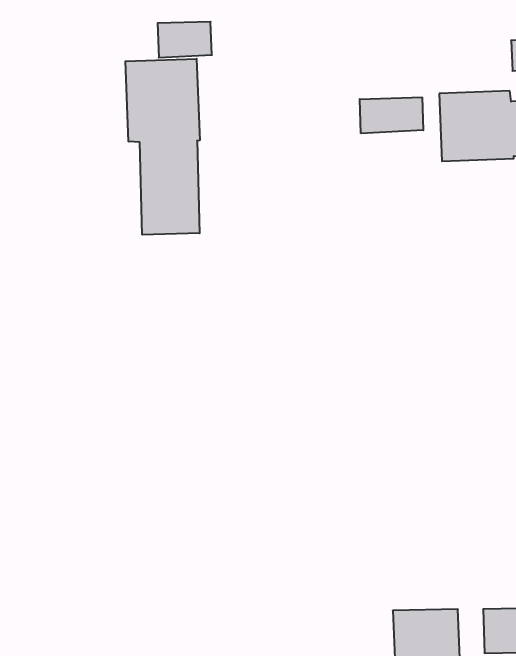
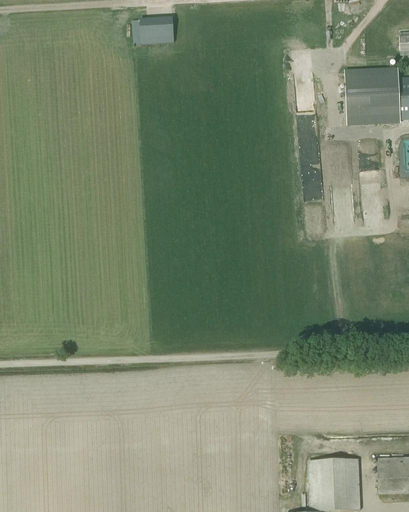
building: [125,59,200,235] -> none
building: [360,97,423,133] -> none

